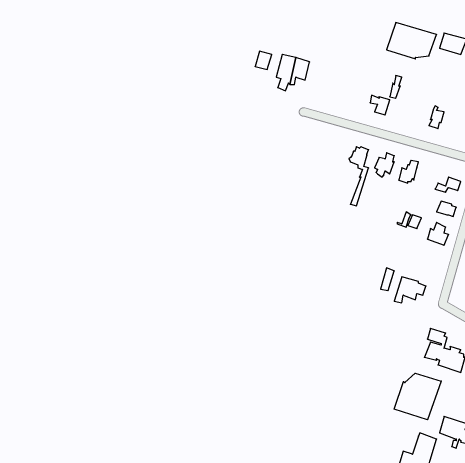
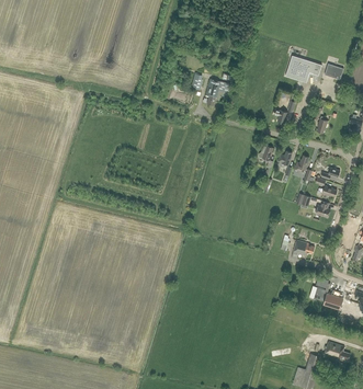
building: [394,373,441,420] -> none

